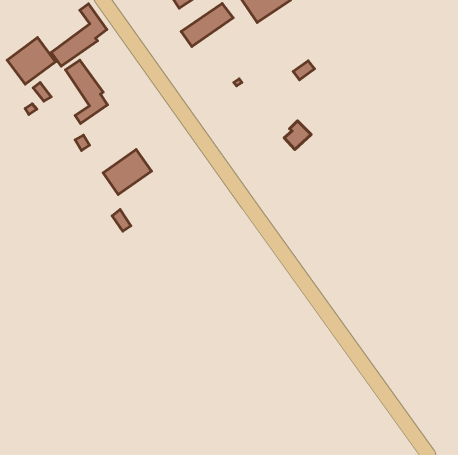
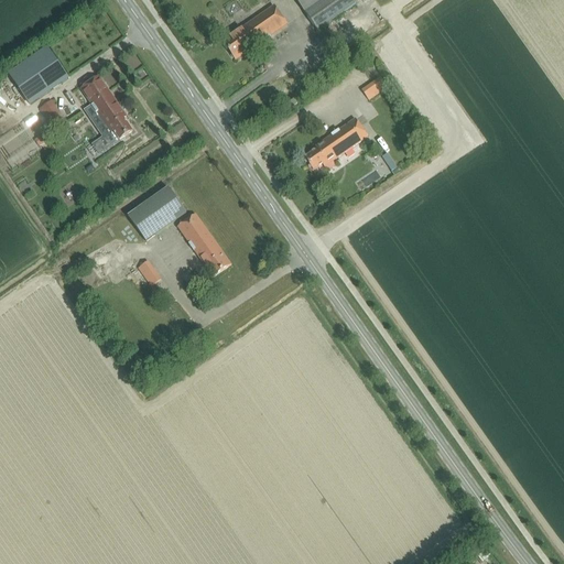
building: [51,4,107,66] -> none
building: none -> [303,116,368,170]
building: none -> [177,212,230,275]

